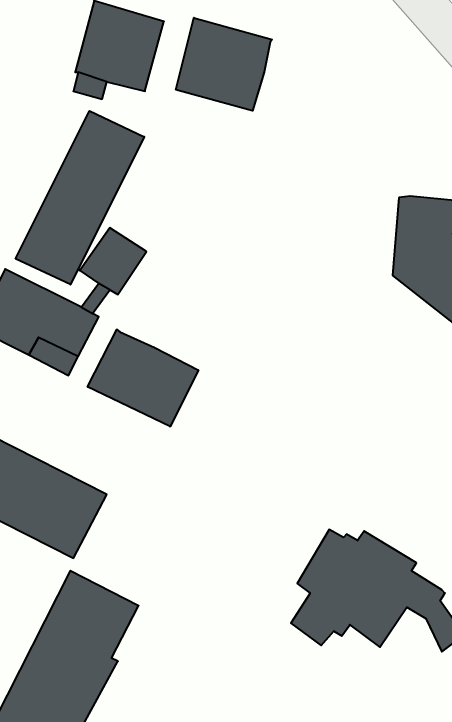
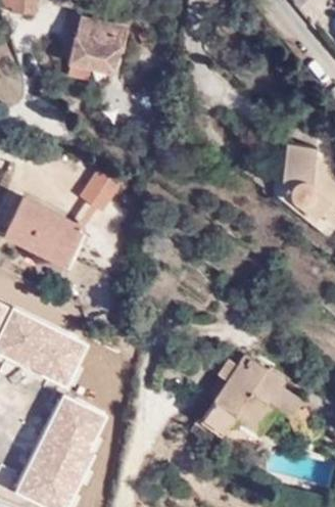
building: [176,18,272,111] -> none
building: [16,111,144,285] -> none
building: [88,329,198,427] -> none

